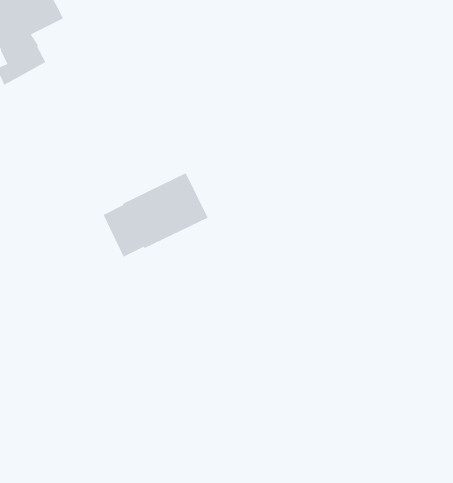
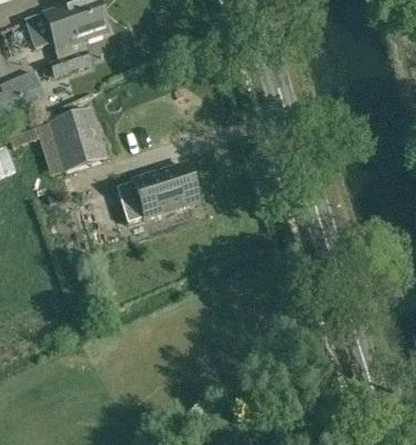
building: none -> [50,109,103,170]

